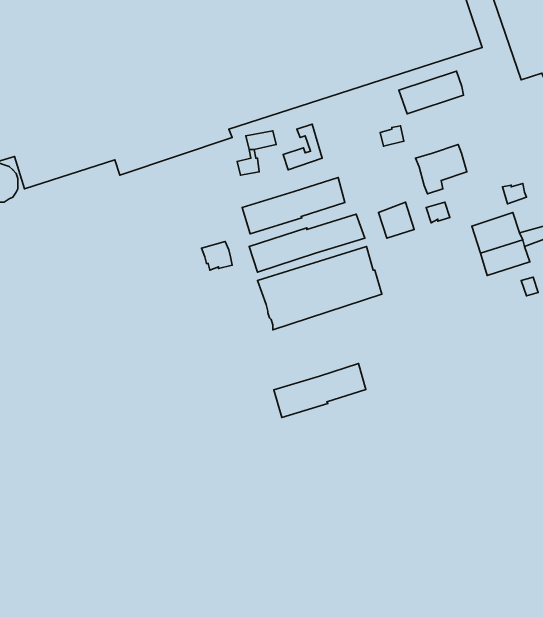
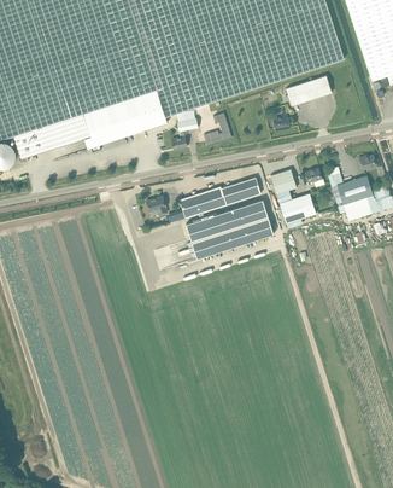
building: [416,145,467,194] -> [280,192,316,227]
building: [242,178,345,234] -> none
building: [274,364,366,417] -> none

